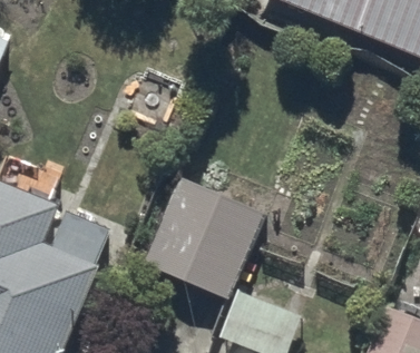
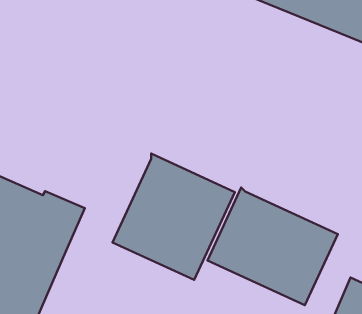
building: none -> [207,188,338,305]

